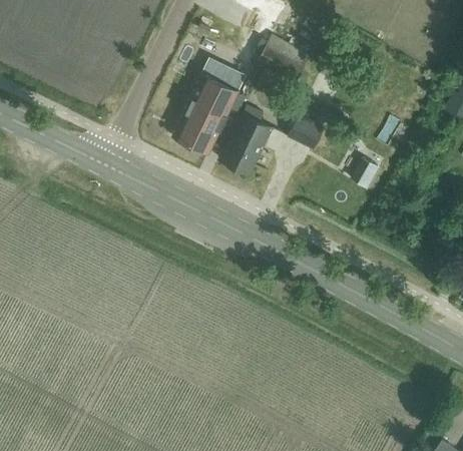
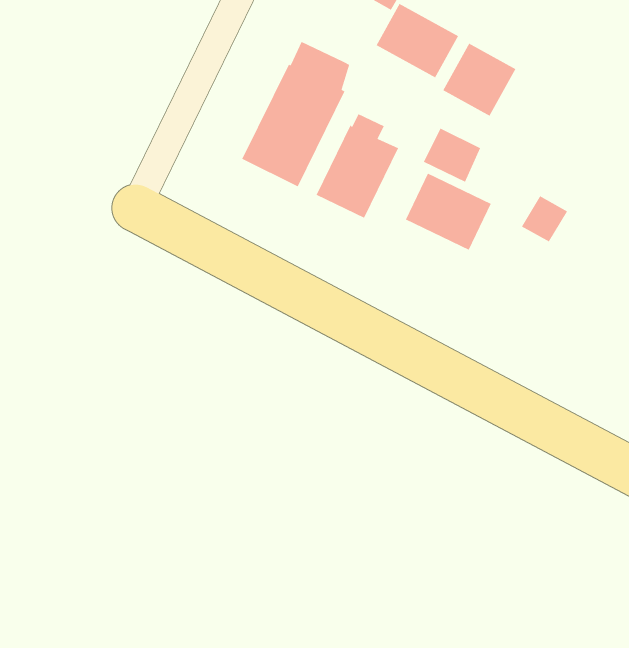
building: none -> [442,42,516,117]
building: none -> [405,172,492,251]

